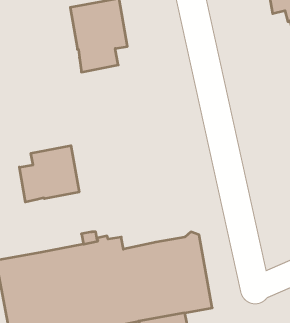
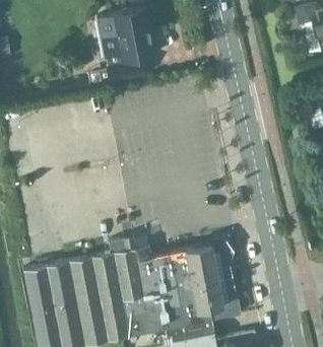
building: [19,146,79,202] -> none

